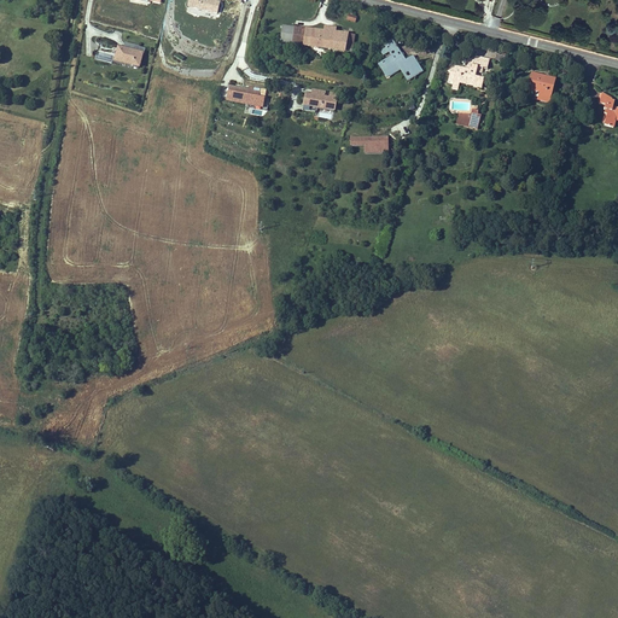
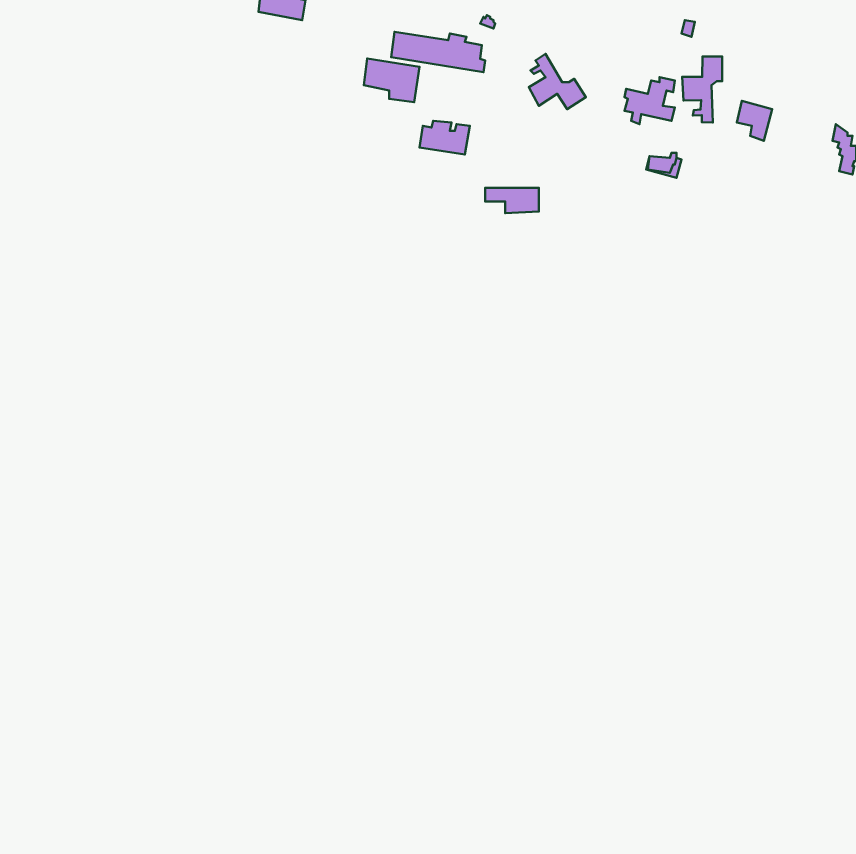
building: none -> [682,57,722,122]
building: [112,41,145,69] -> none
building: [226,82,266,113] -> [364,58,419,102]

